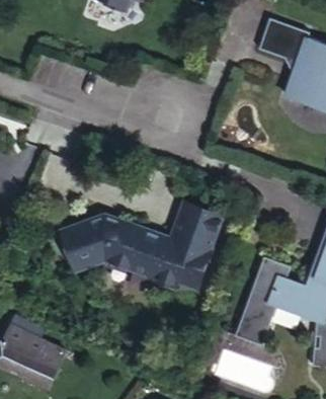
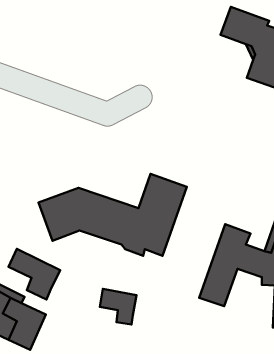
building: none -> [9,249,60,299]
building: none -> [100,289,137,325]

